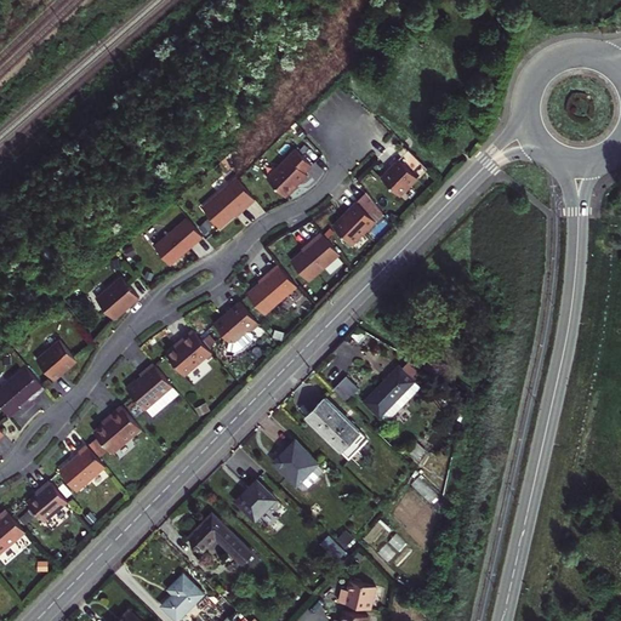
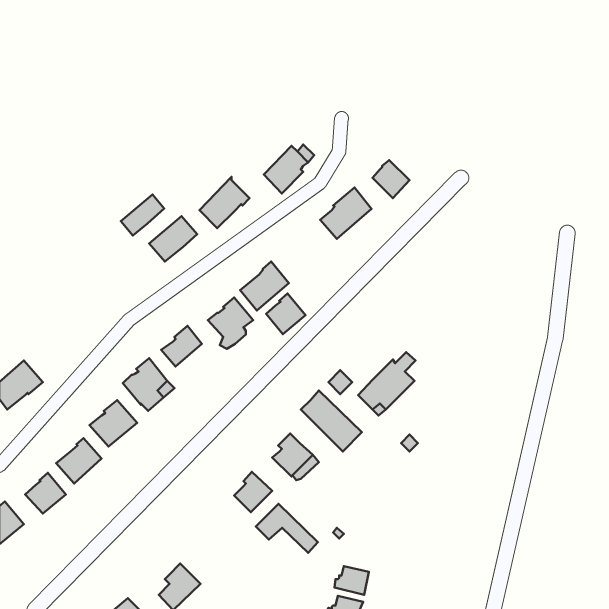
building: none -> [121,194,164,235]
building: [297,237,337,278] -> [266,294,305,334]
building: [93,279,136,319] -> none
building: [34,341,74,382] -> none
building: [189,514,252,564] -> [256,504,318,553]

